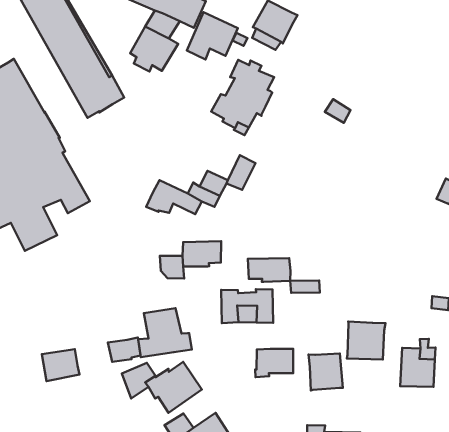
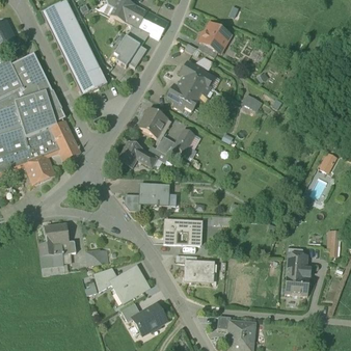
building: [187,12,238,59] -> none
building: none -> [137,107,166,138]
building: [248,258,291,282] -> none
building: [138,308,192,357] -> [38,223,75,255]
building: [347,321,385,359] -> none
building: [309,353,343,390] -> none

